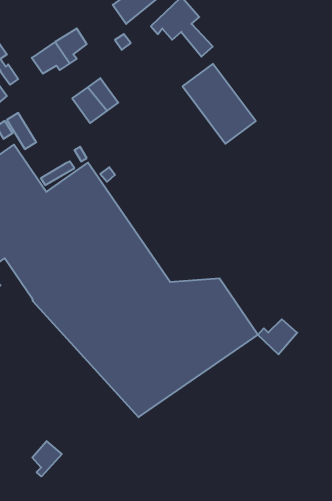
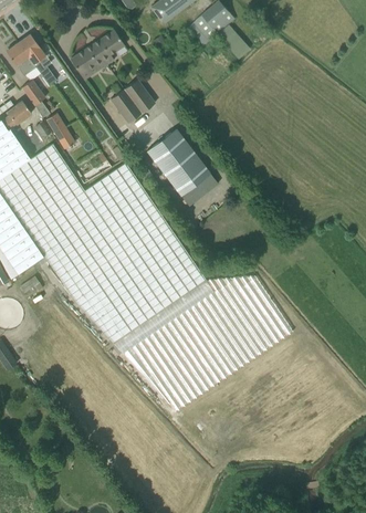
building: [183,64,256,144] -> [146,127,218,206]
building: [258,319,297,354] -> none
building: [32,441,62,476] -> none

